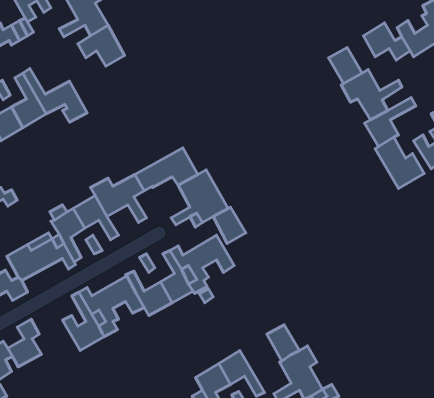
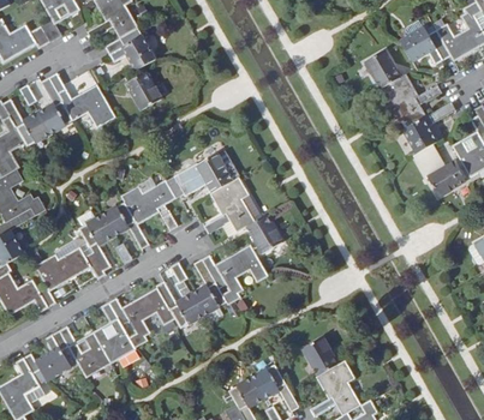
building: none -> [127,74,161,109]
building: none -> [59,325,109,376]

